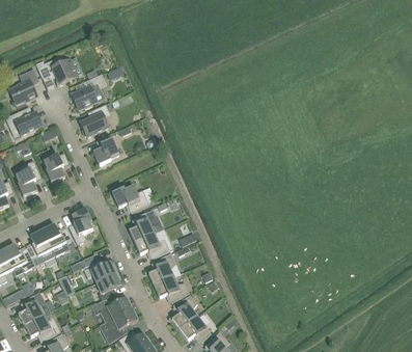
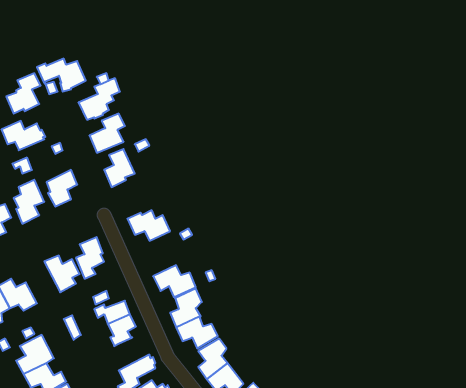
building: [129,211,154,241] -> none
building: [26,228,55,264] -> none
building: [90,297,131,321] -> none

